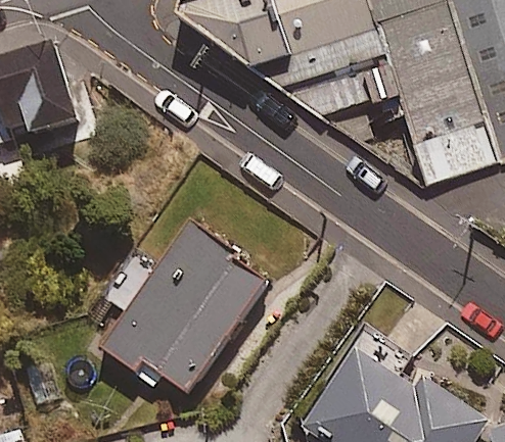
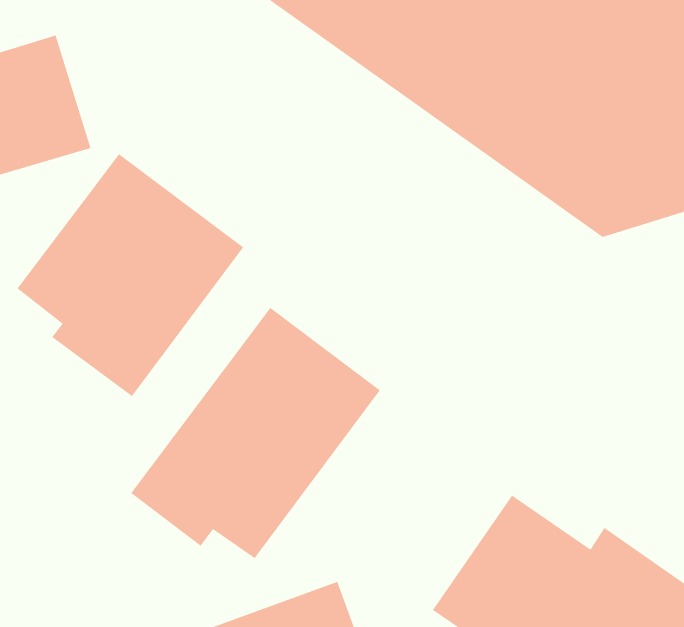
building: none -> [16,153,244,397]

